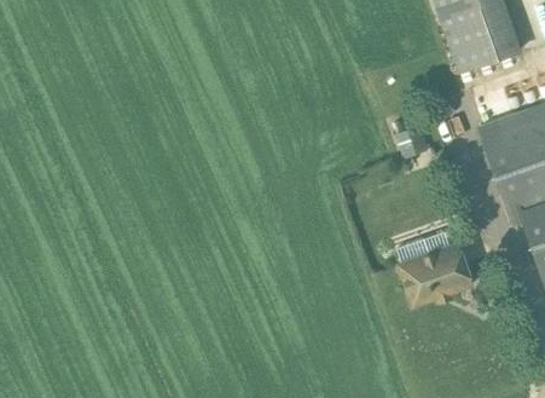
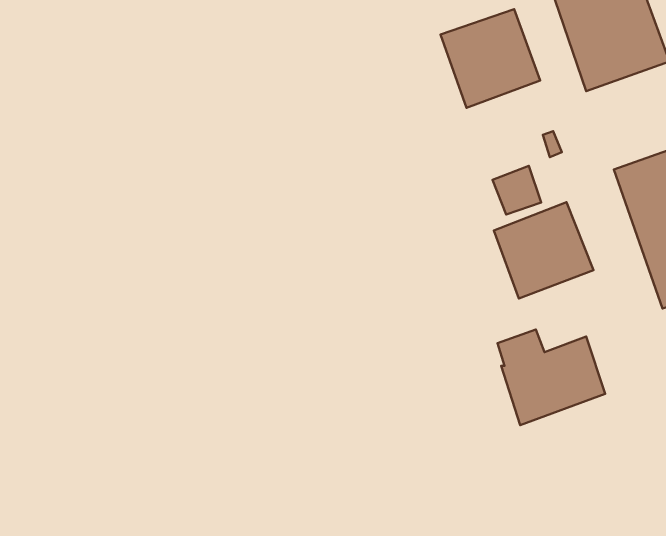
building: none -> [440,9,540,108]
building: none -> [494,202,593,298]

